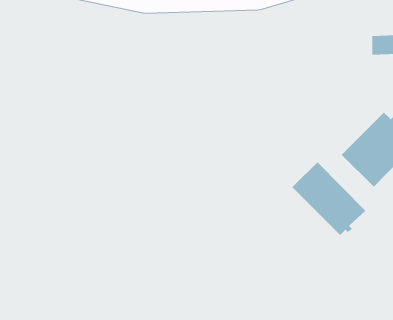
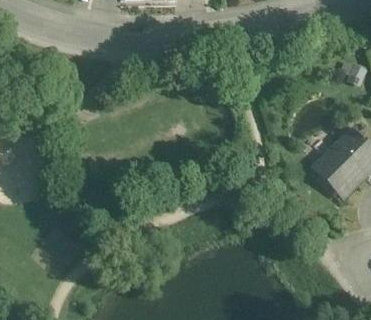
building: [292,161,366,236] -> none

